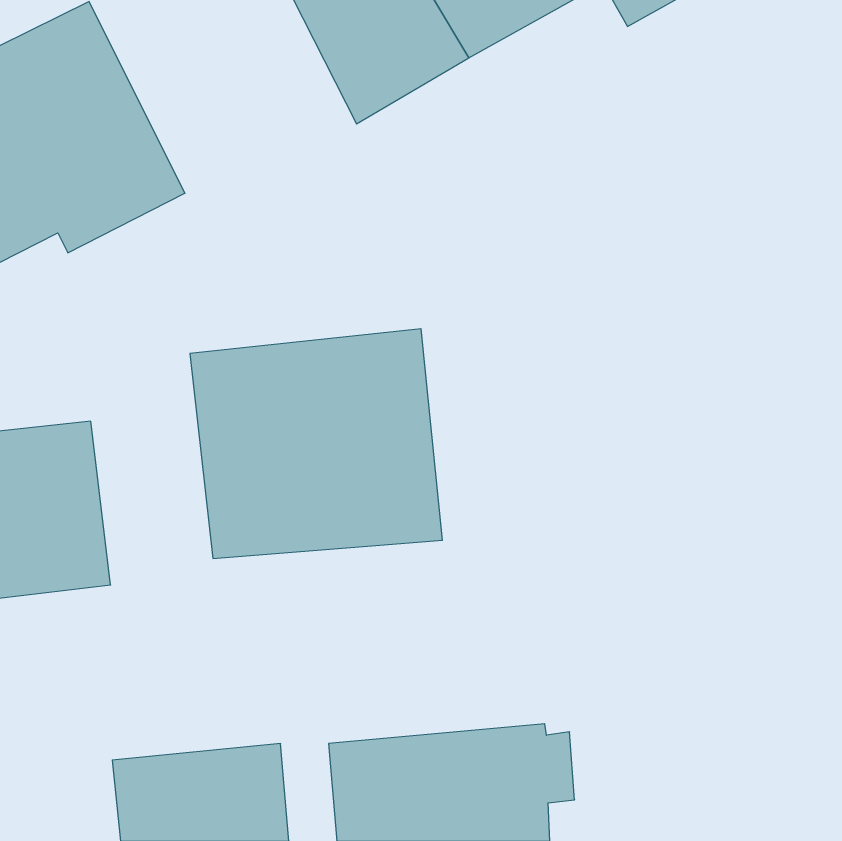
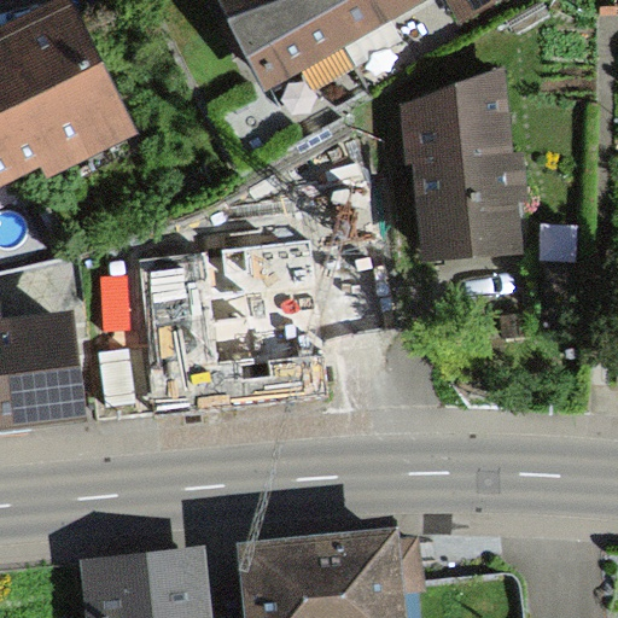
building: none -> [407,66,527,263]

